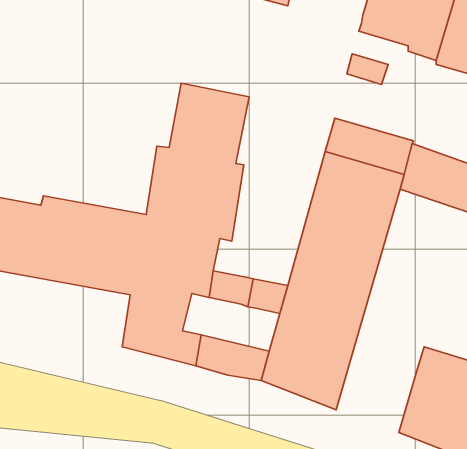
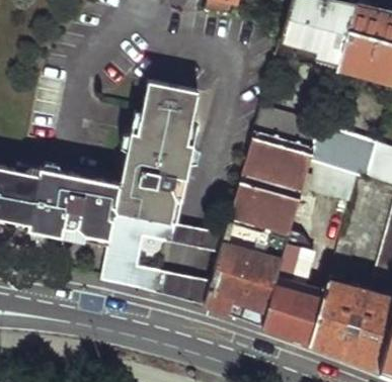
building: none -> [263,283,325,346]

